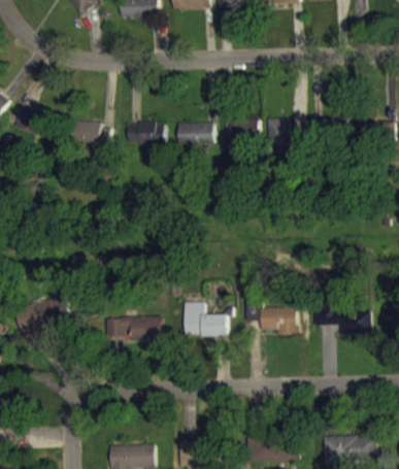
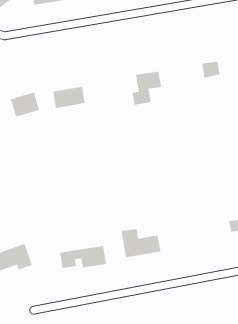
building: [269,118,303,154] -> none
building: [177,122,213,144] -> none
building: [245,300,297,334] -> none

